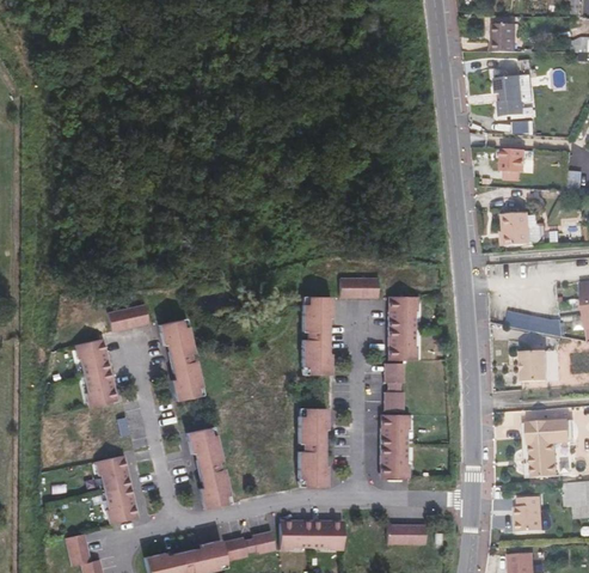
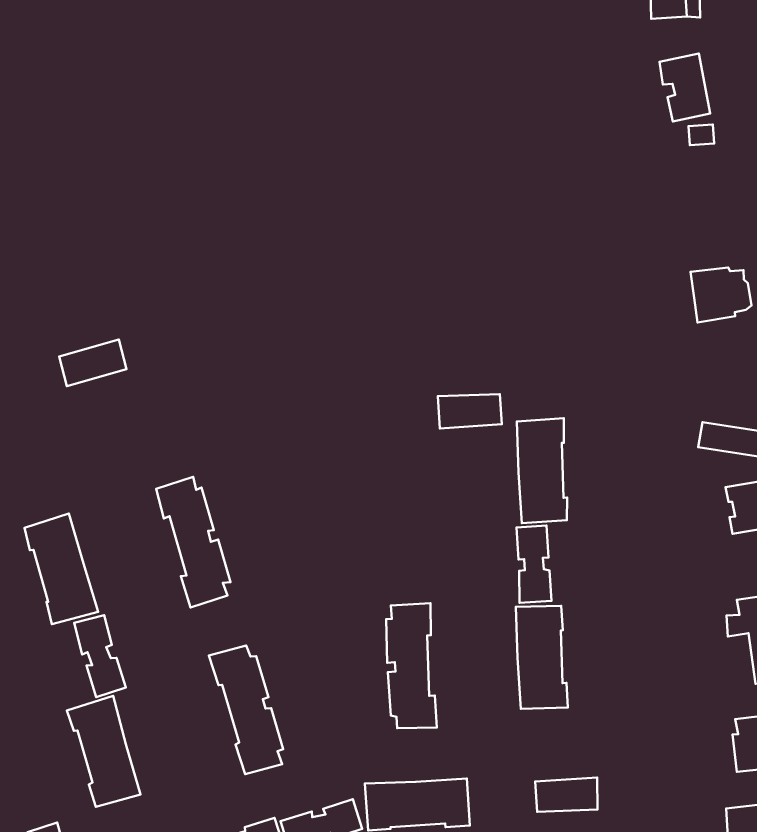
building: [507,145,530,169] -> none
building: [303,298,333,377] -> none
building: [109,305,151,333] -> [59,339,126,386]

